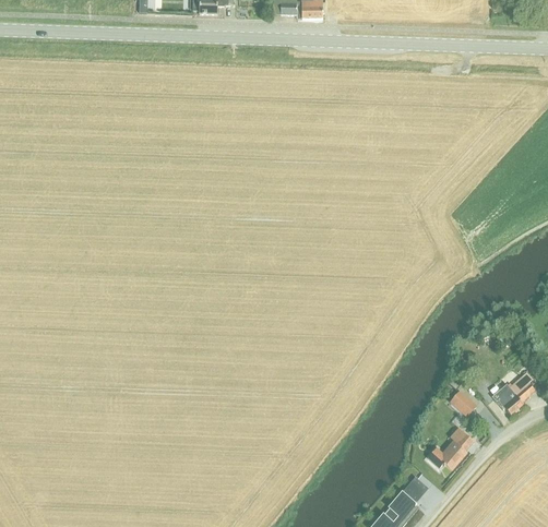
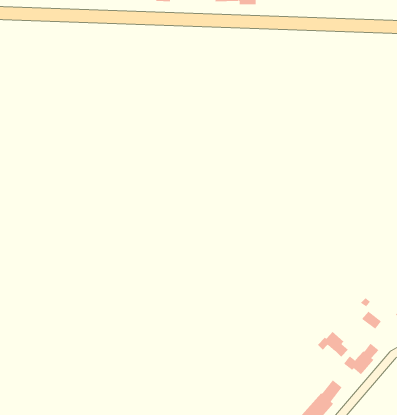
building: none -> [317,331,349,358]

